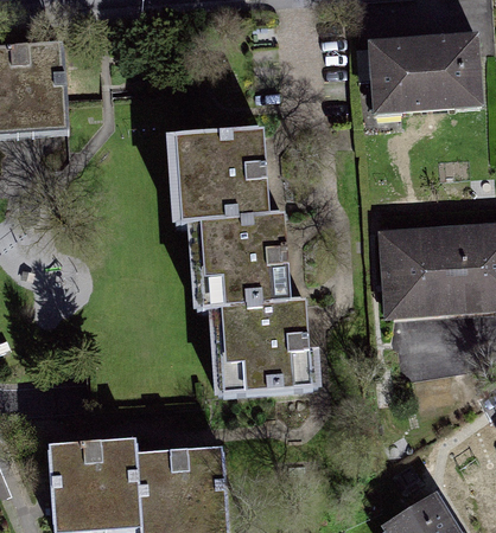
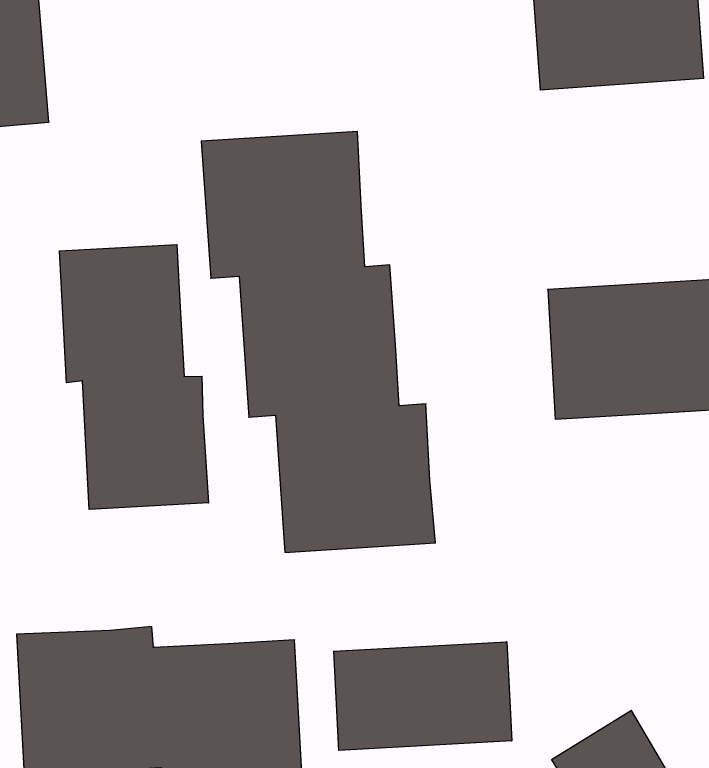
building: none -> [59,245,208,509]
building: none -> [334,642,512,750]

